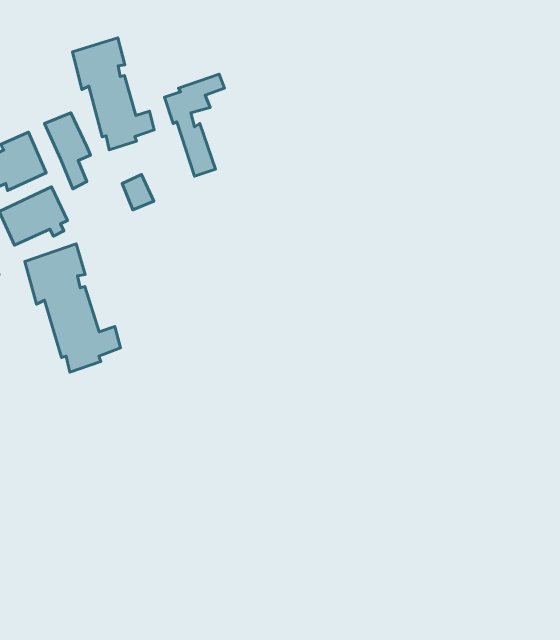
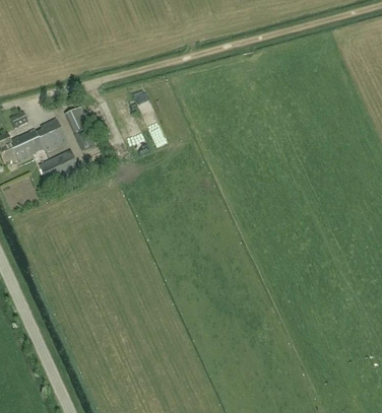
building: [73,38,154,150] -> none
building: [25,244,121,372] -> none

